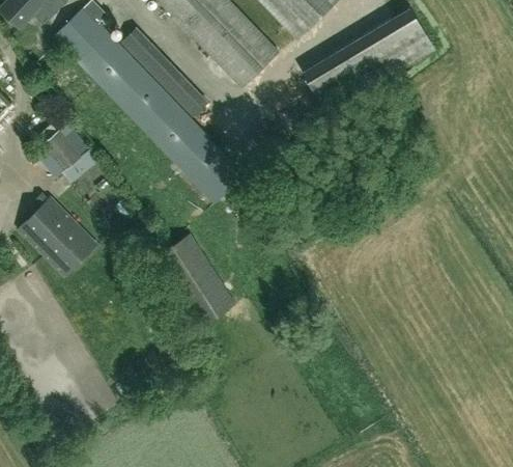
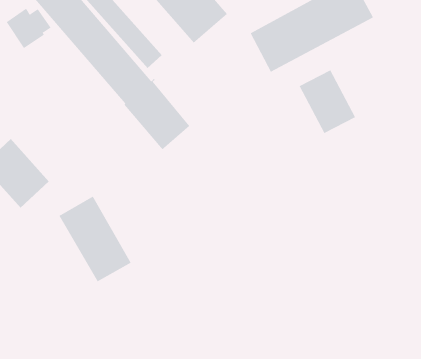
building: none -> [299,70,356,134]
building: [40,129,90,173] -> [6,8,51,49]
building: [154,233,236,327] -> [58,196,132,282]

